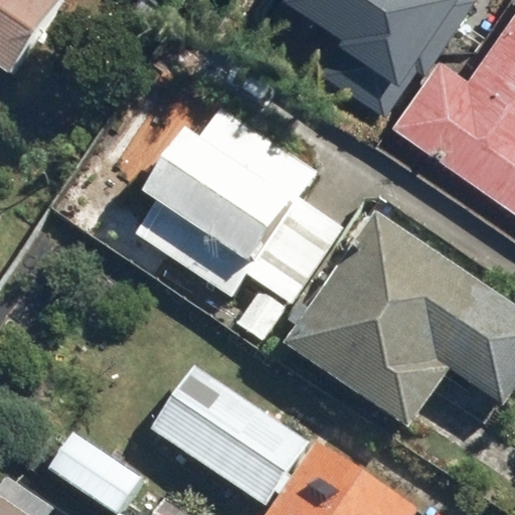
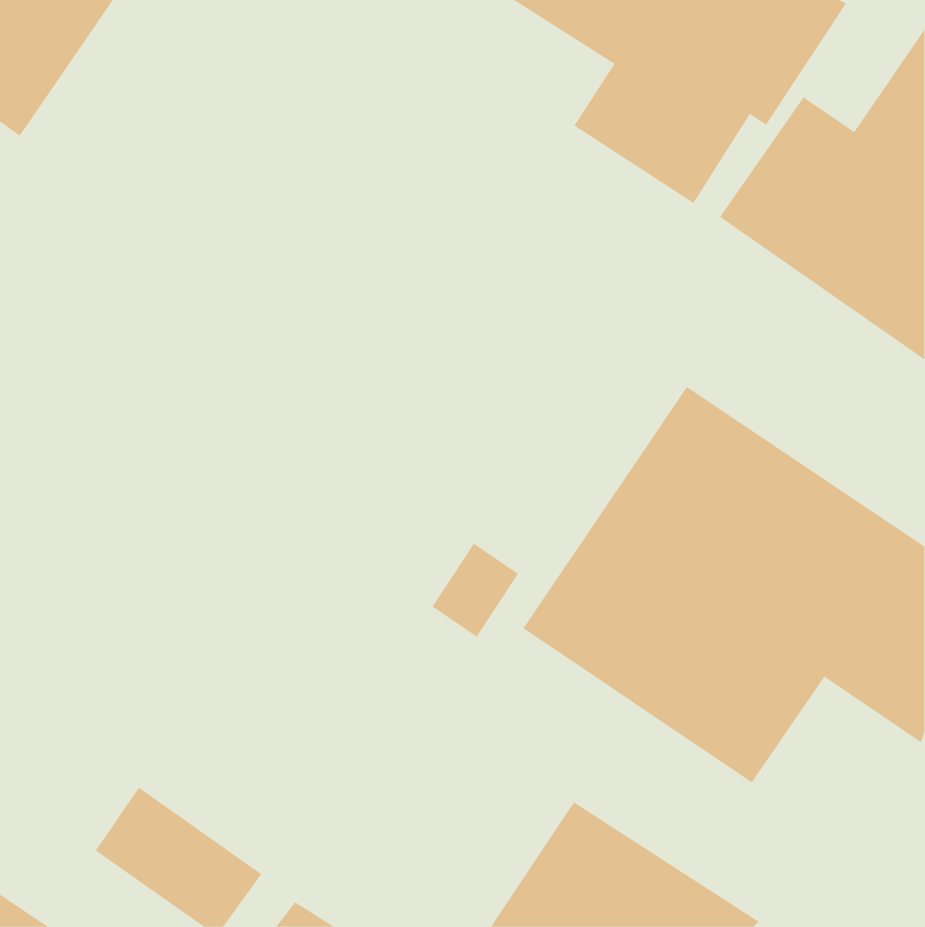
building: [138,109,322,300] -> none
building: [154,366,312,506] -> none

